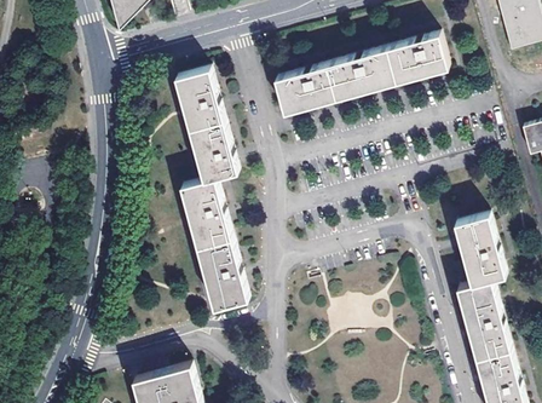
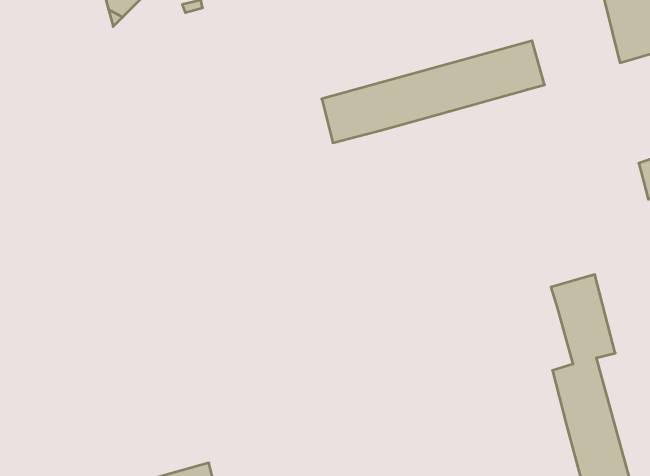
building: [175,69,247,306] -> none

